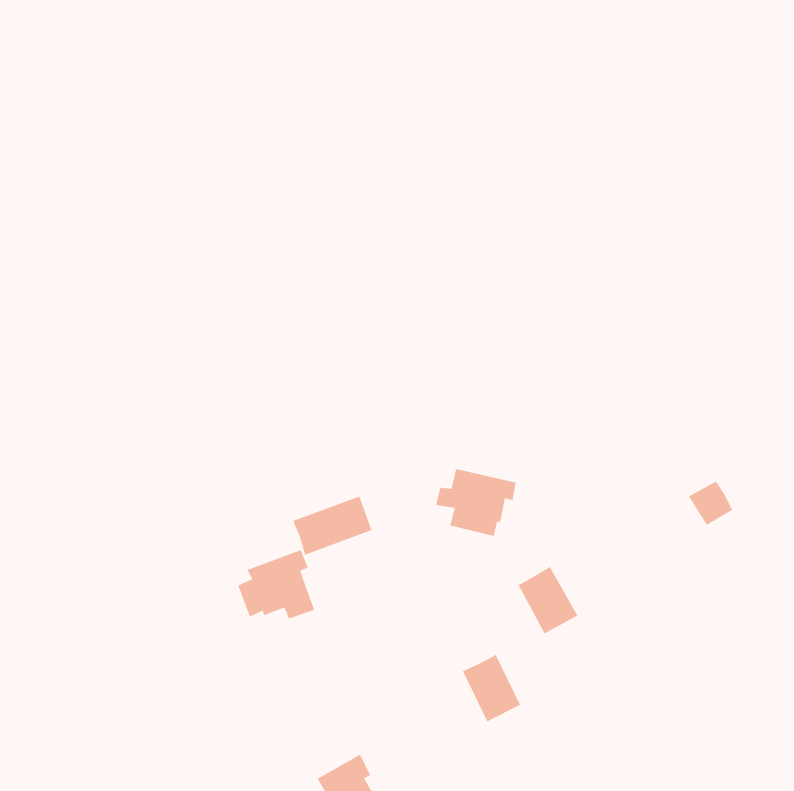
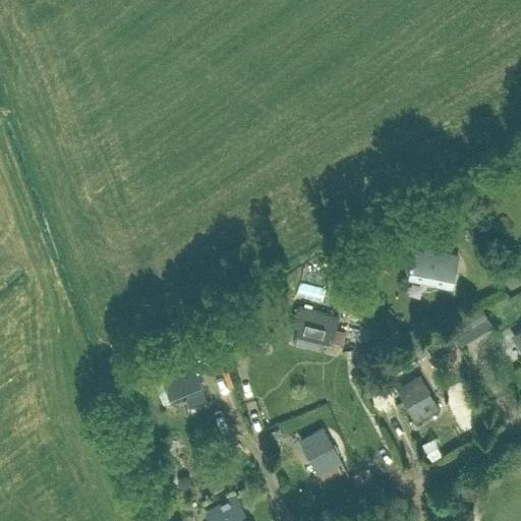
building: none -> [410,248,460,290]
building: [292,495,372,556] -> none
building: [518,566,578,635] -> [400,378,440,422]

